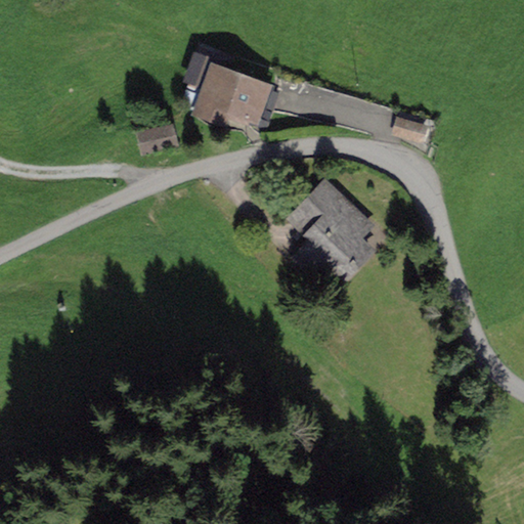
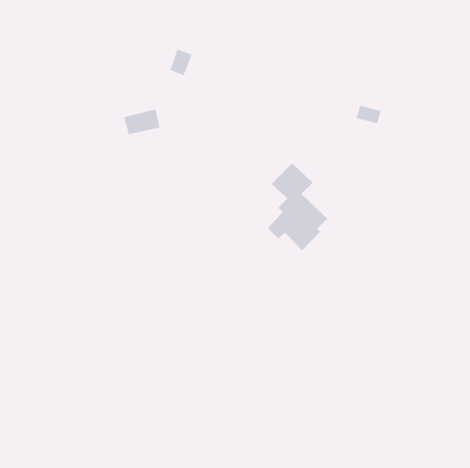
building: [201,68,264,120] -> none

